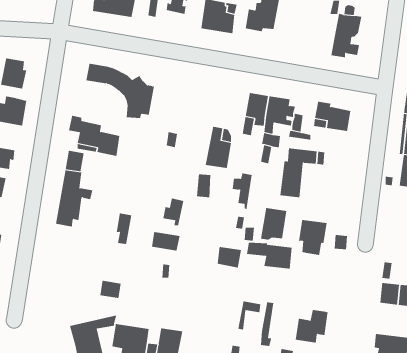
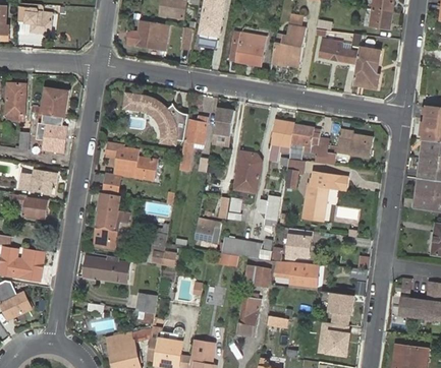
building: none -> [320,39,350,62]
building: none -> [213,108,234,135]
building: none -> [181,116,207,162]
building: [298,220,327,255] -> [328,292,355,325]
building: [151,232,180,251] -> [221,237,249,255]
building: none -> [84,256,130,283]
building: none -> [239,296,260,333]

